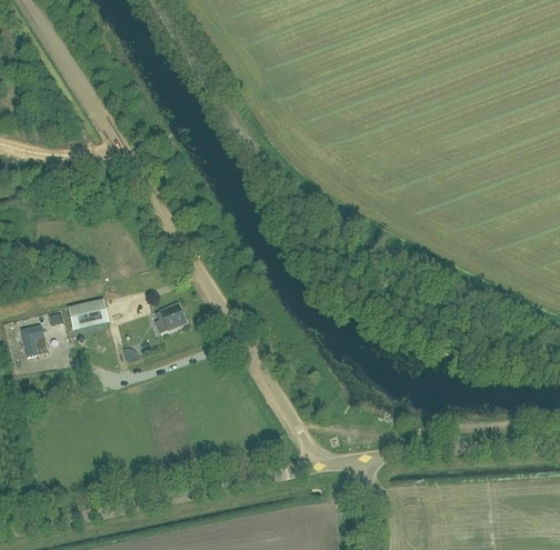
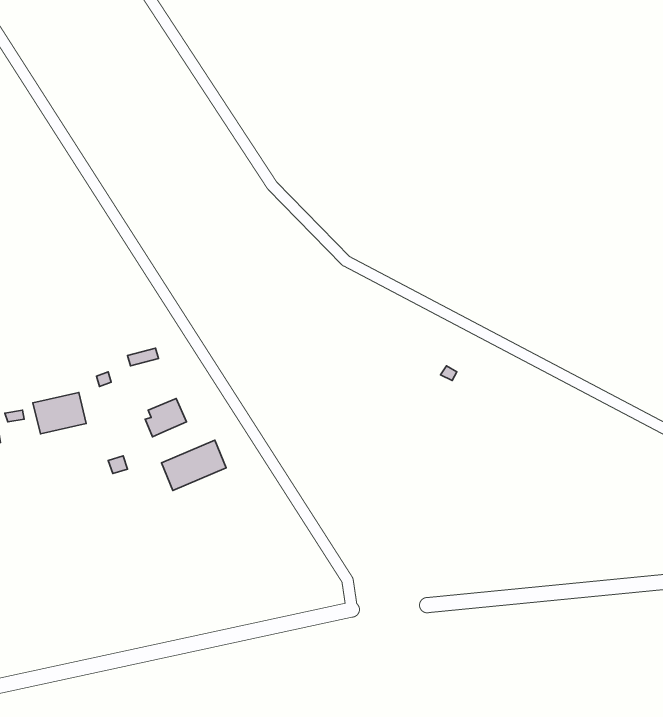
building: none -> [162,440,226,491]

